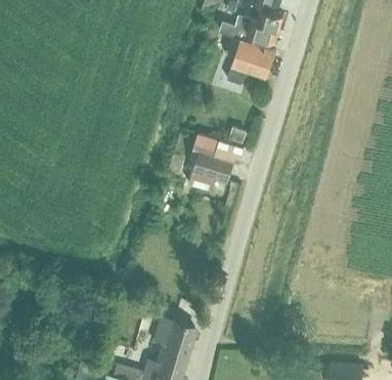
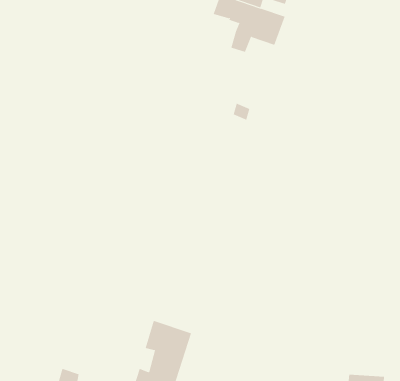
building: [188,146,234,191] -> none

